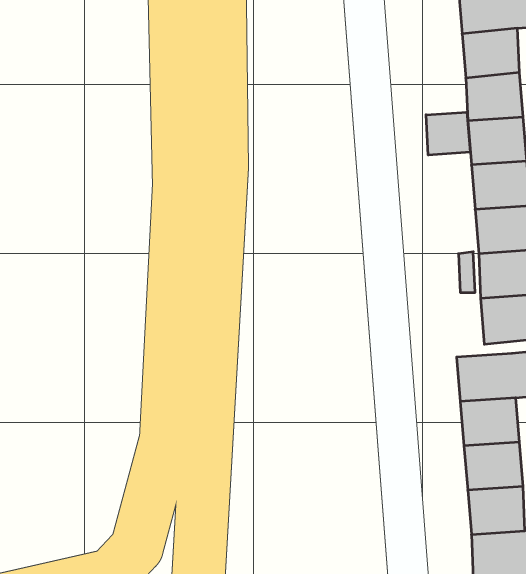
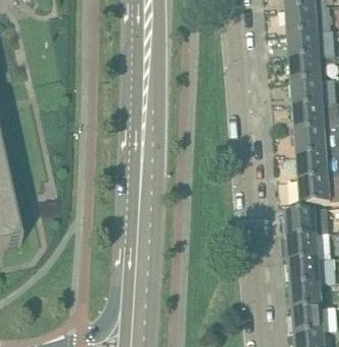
building: [426,112,470,155] -> none

